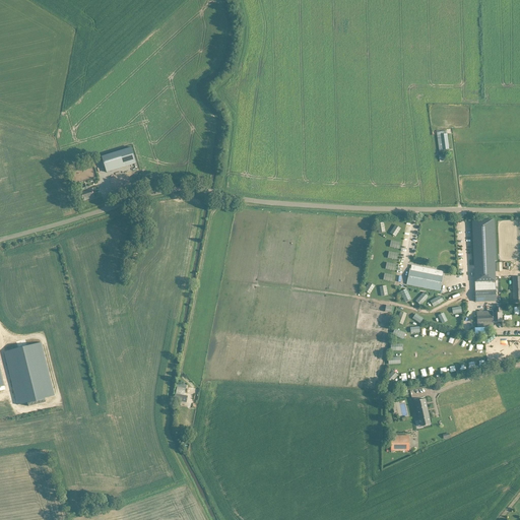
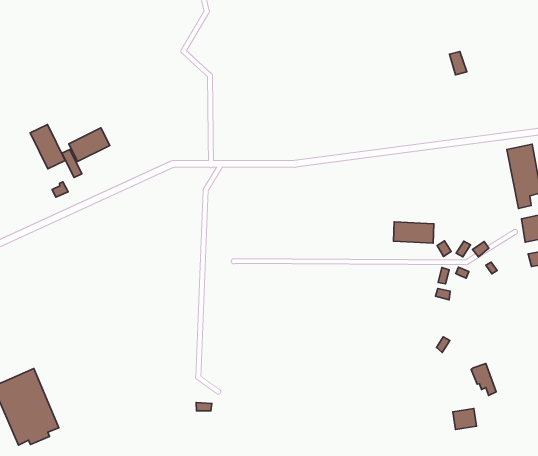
building: none -> [30,124,65,169]
building: [405,267,442,290] -> [393,222,434,243]

